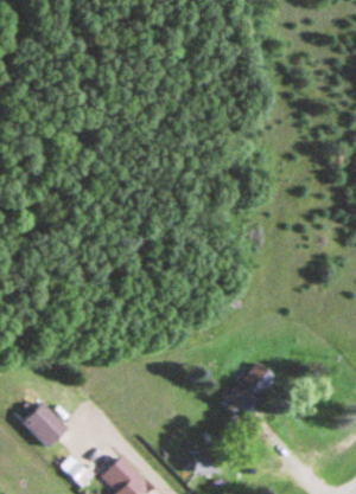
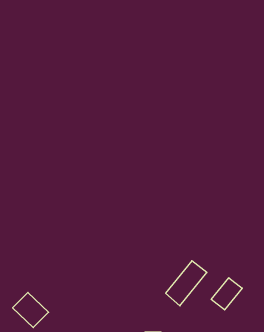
building: none -> [211,278,242,310]

